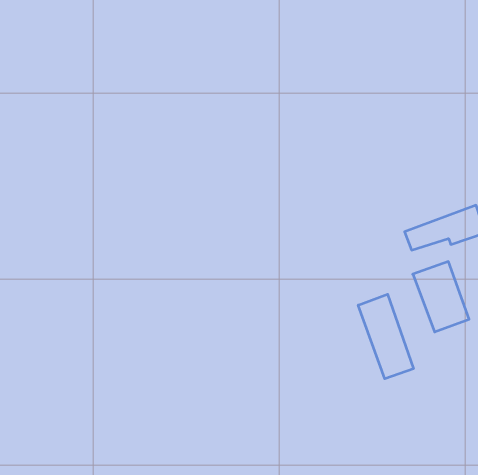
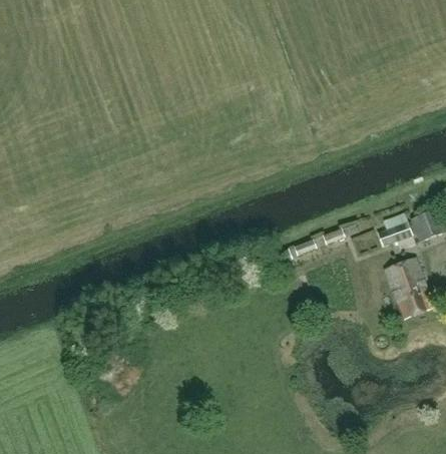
building: [358,294,413,379] -> none

